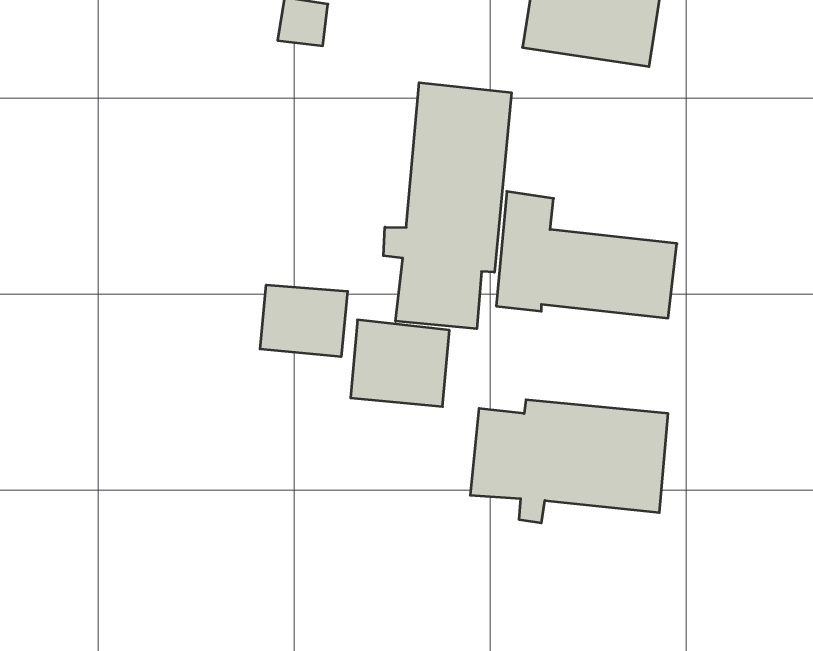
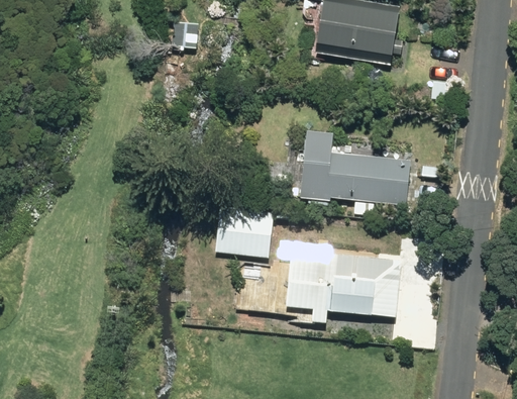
building: [383,83,511,329] -> none
building: [260,285,348,357] -> none

